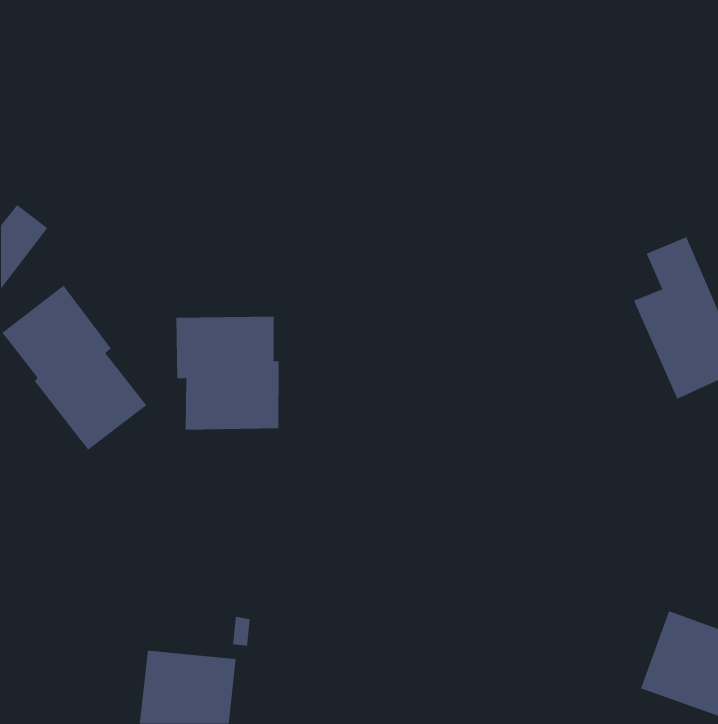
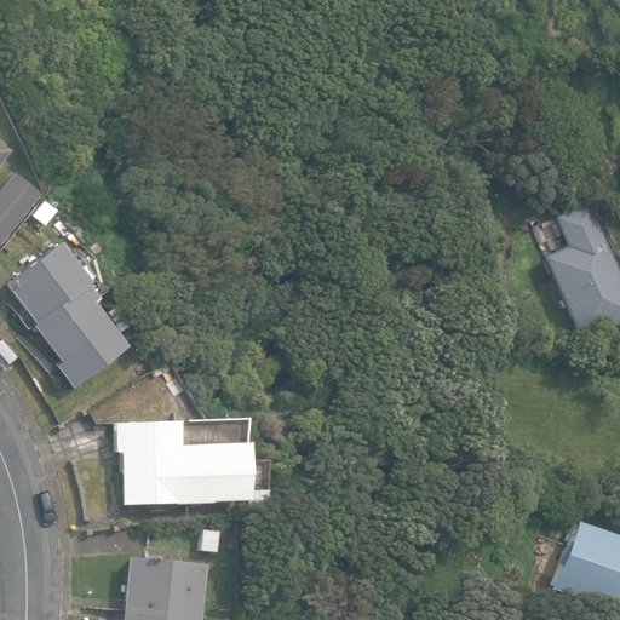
building: [176,316,279,431] -> none
building: none -> [117,420,246,504]

